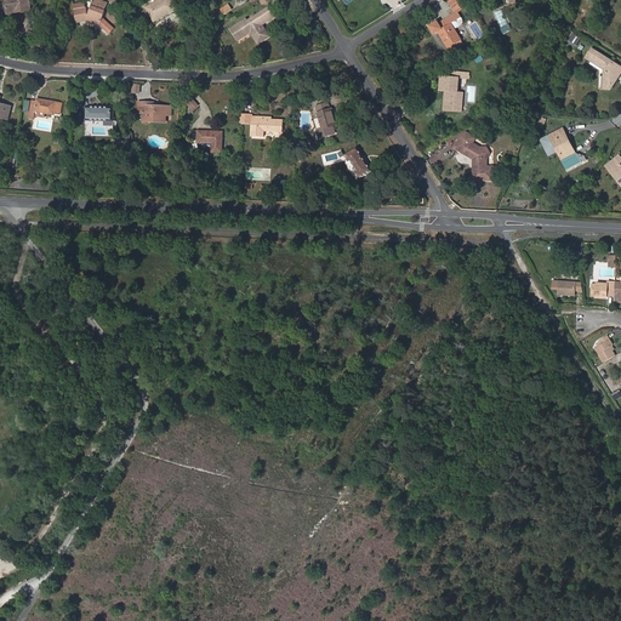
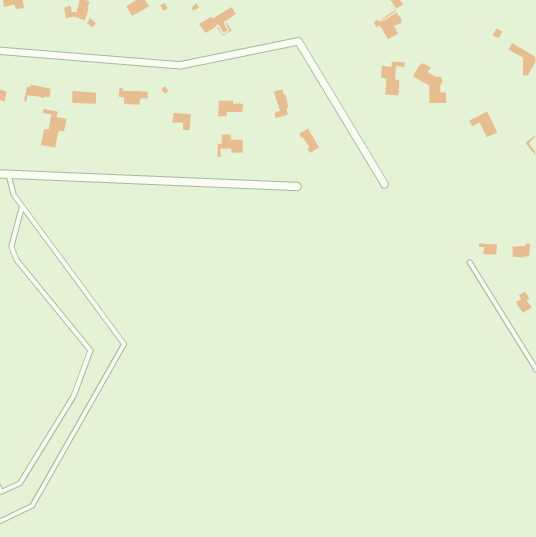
building: none -> [40,108,67,148]
building: [451,131,492,178] -> [412,63,448,104]
building: none -> [217,133,243,158]

